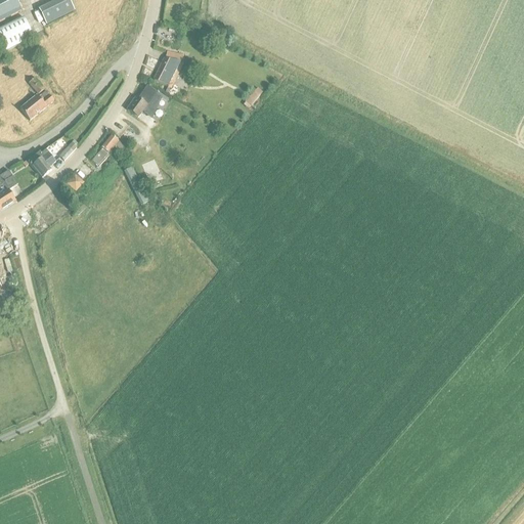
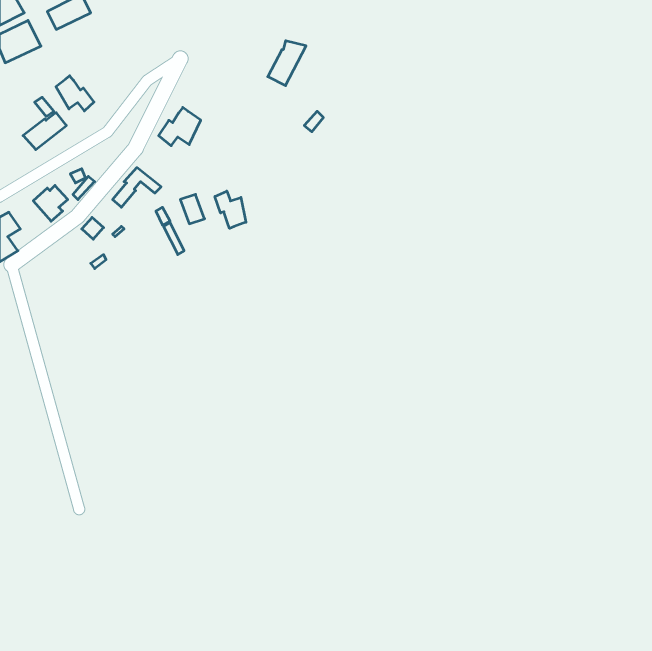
building: [151,50,182,86] -> [268,41,306,86]
building: none -> [56,76,94,111]
building: none -> [215,191,246,228]

